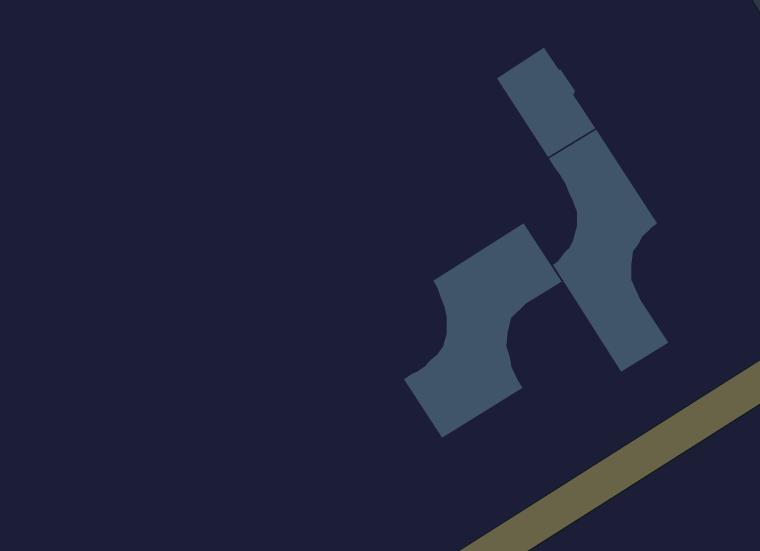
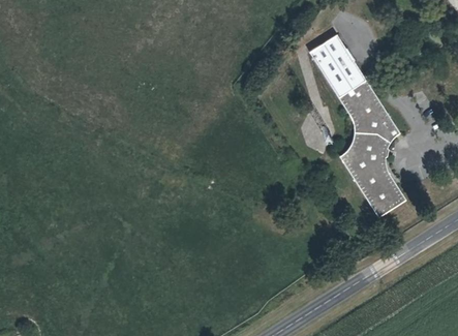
building: [403,222,563,439] -> none

